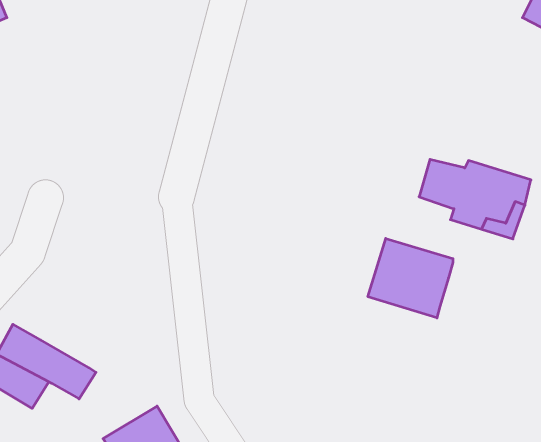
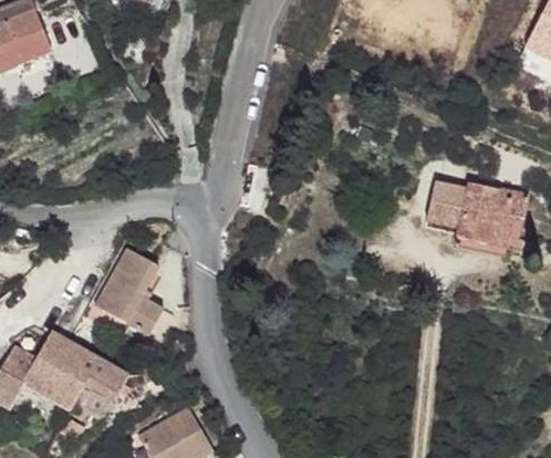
building: none -> [97,249,165,340]
building: [368,238,453,318] -> none

